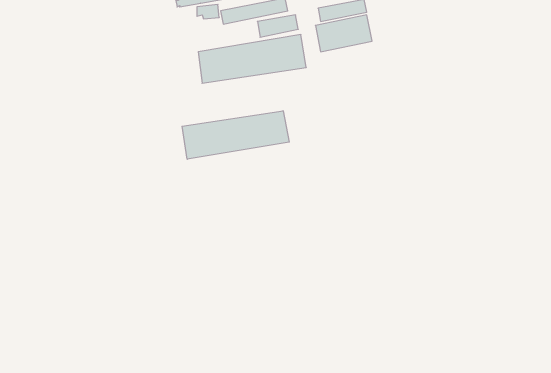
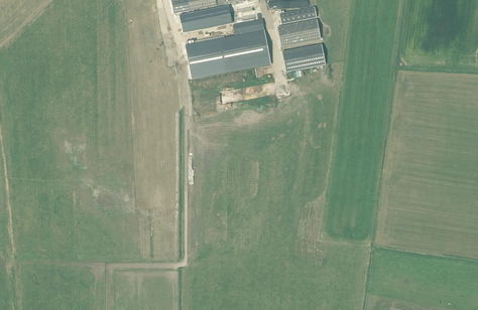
building: none -> [281,44,325,71]
building: [182,111,289,159] -> none

